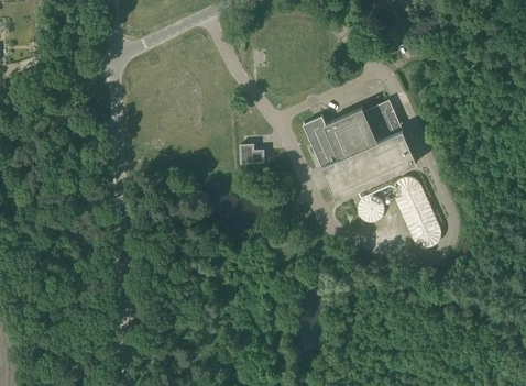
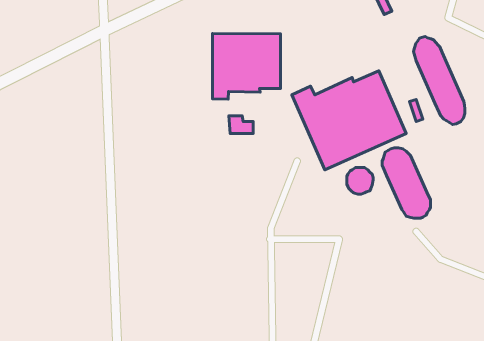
building: none -> [212,34,280,99]
building: none -> [413,37,465,124]

